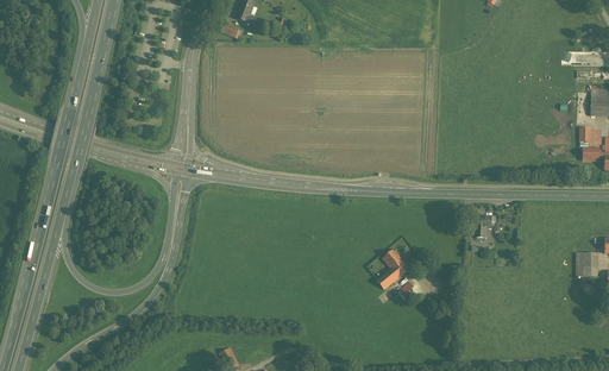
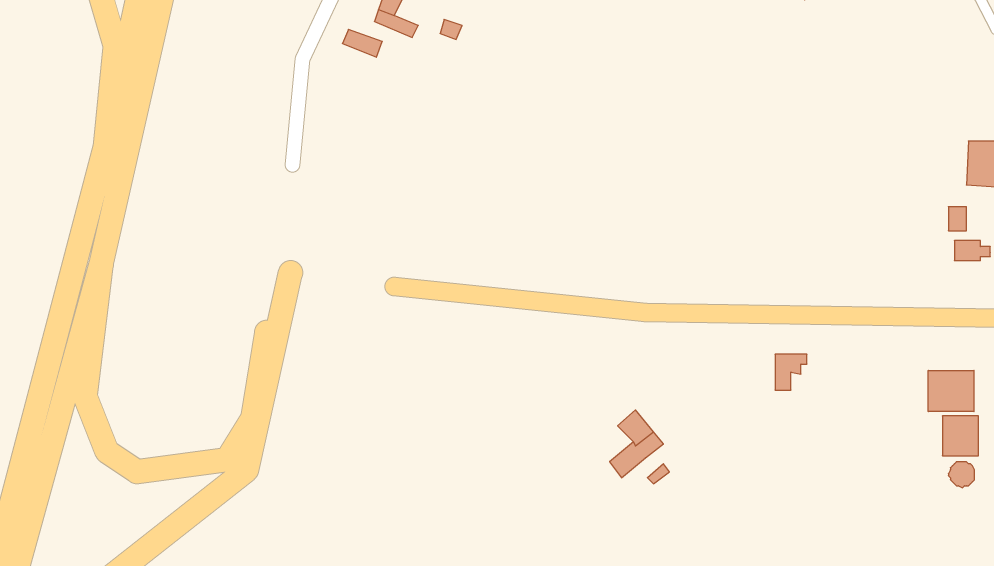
building: none -> [928,370,974,412]

